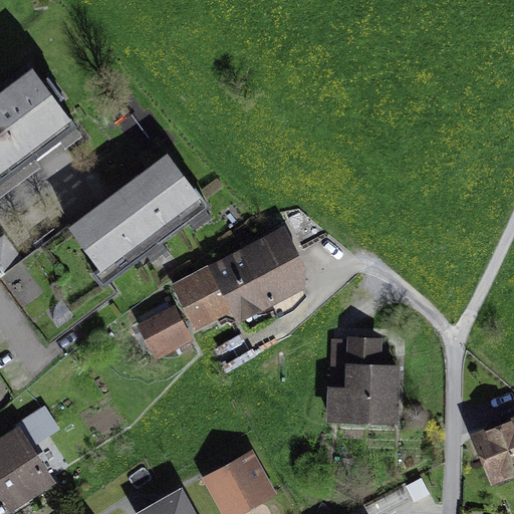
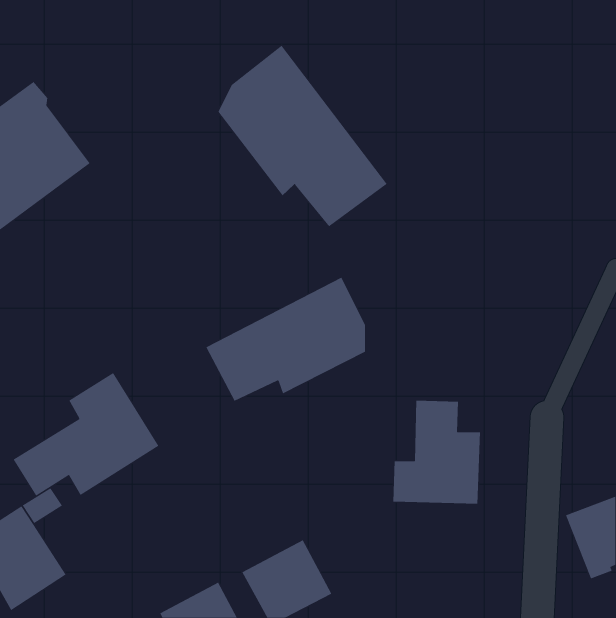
building: none -> [218,45,387,227]
building: [66,157,207,291] -> none
building: [137,308,193,362] -> none
building: none -> [13,372,159,497]

